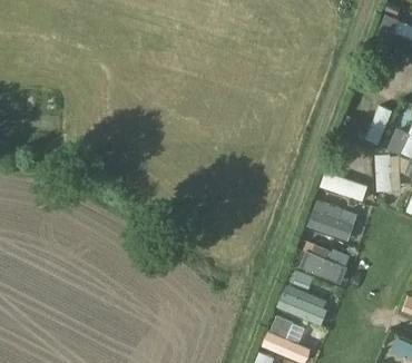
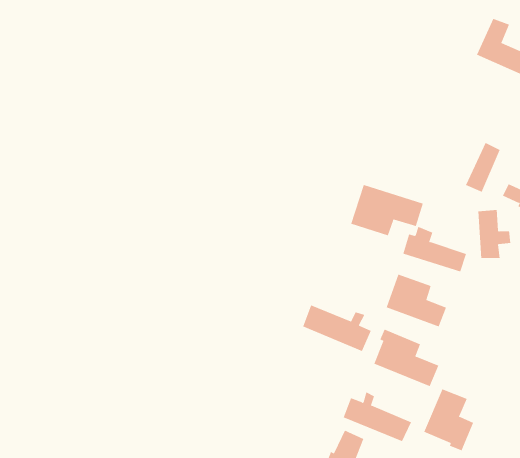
building: none -> [350,184,424,236]
building: none -> [302,305,371,352]
building: none -> [423,388,474,451]

